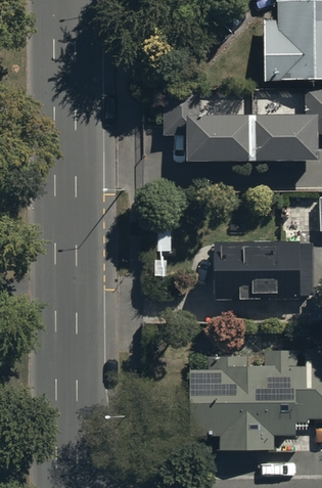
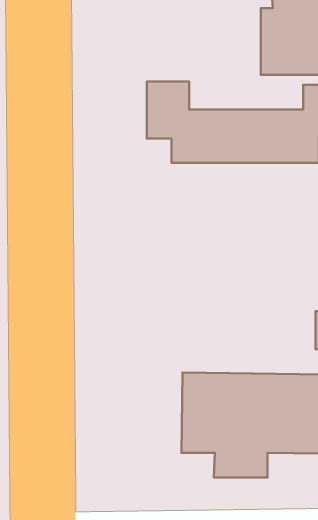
building: [216,238,300,300] -> none

